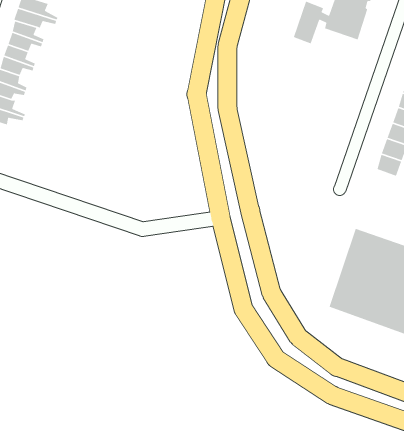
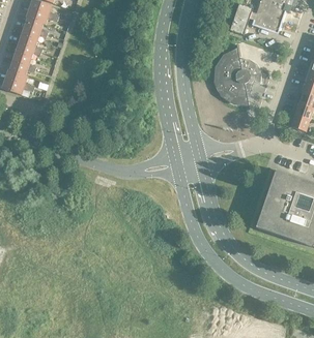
building: none -> [212,47,259,103]

